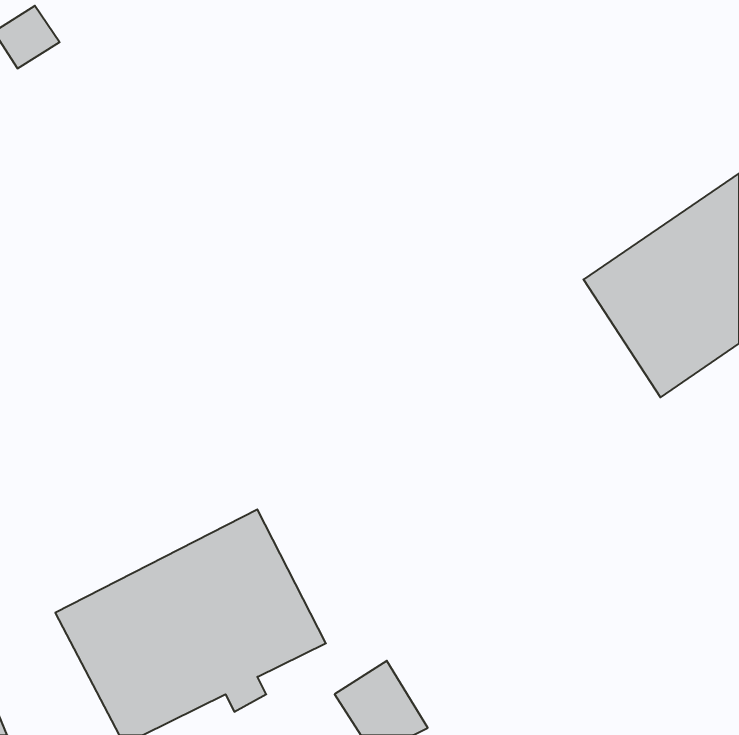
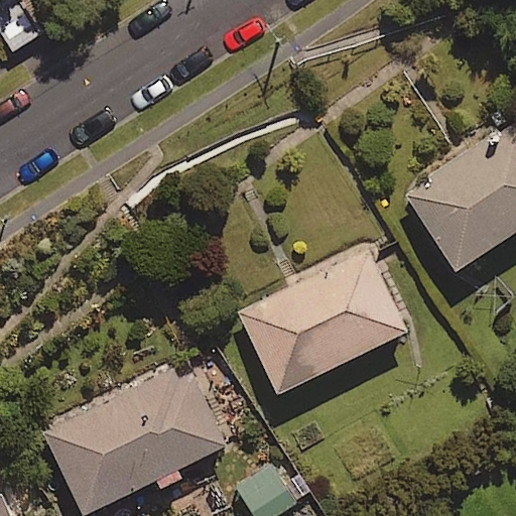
building: none -> [239,250,407,396]

